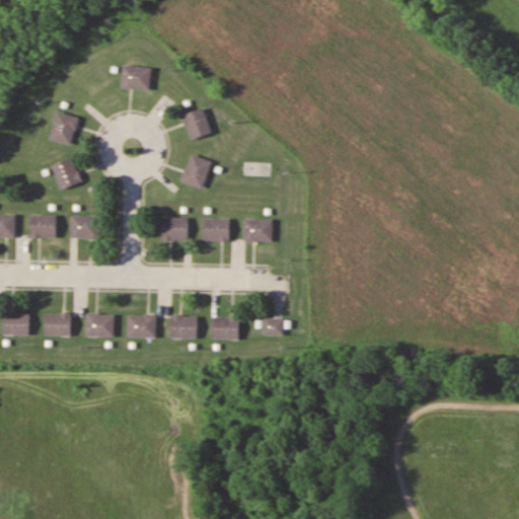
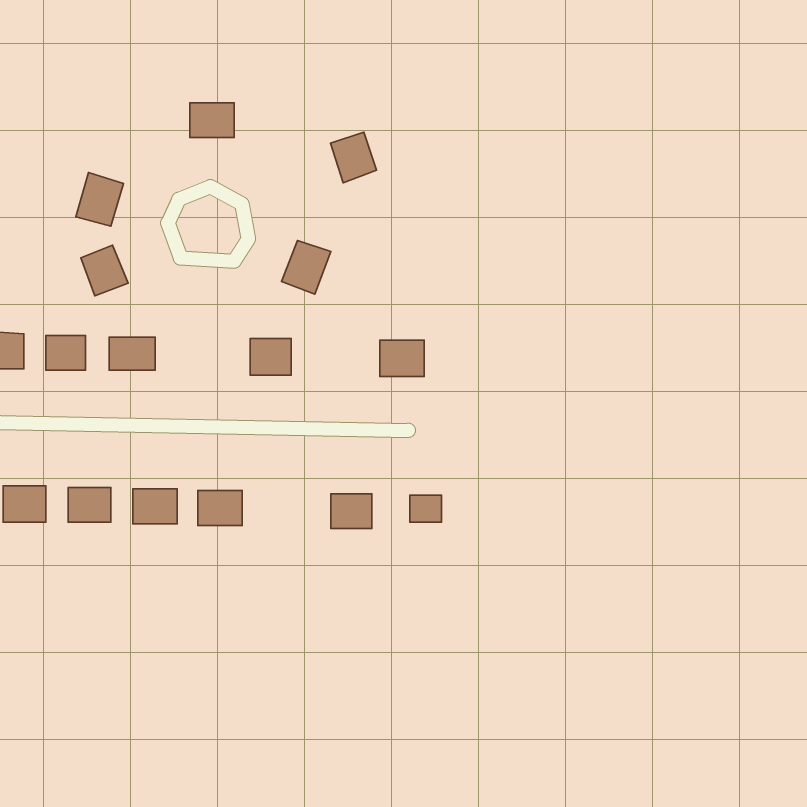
building: [181,108,211,141] -> [330,132,376,183]
building: [202,219,228,241] -> none
building: [170,316,197,339] -> none

